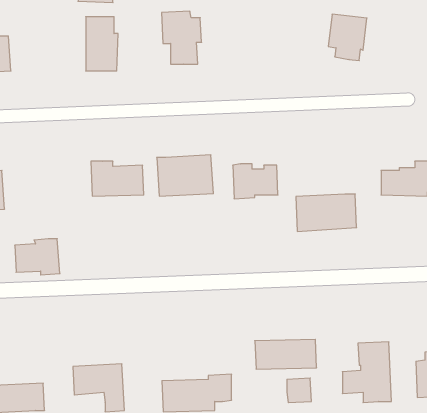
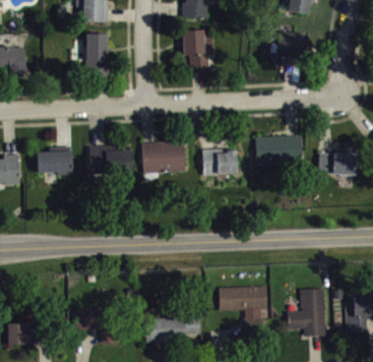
building: [162,11,202,64] -> [182,31,213,72]
building: [296,194,357,231] -> [255,135,303,165]
building: [15,239,60,275] -> [37,145,72,174]

